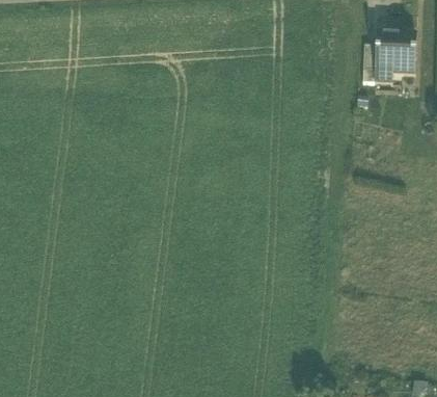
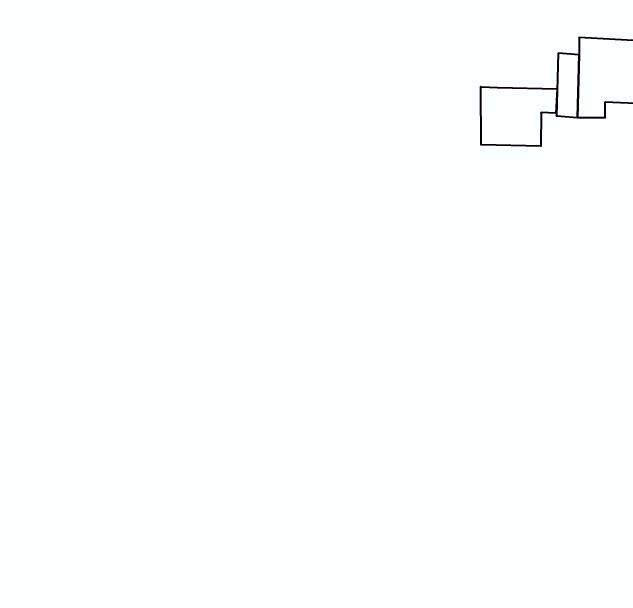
building: none -> [481,87,557,146]

